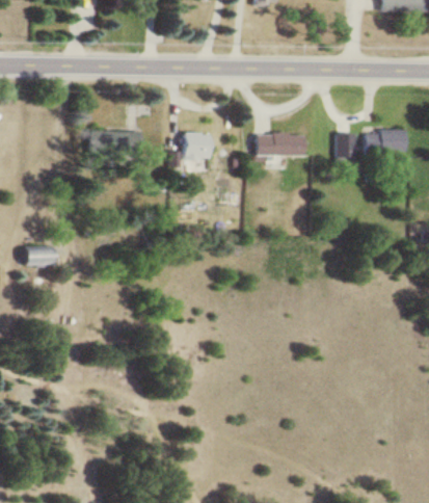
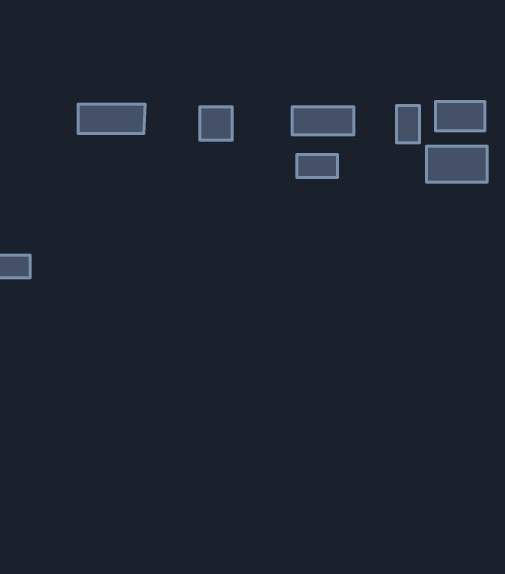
building: none -> [426,146,487,182]
building: none -> [297,155,337,178]

